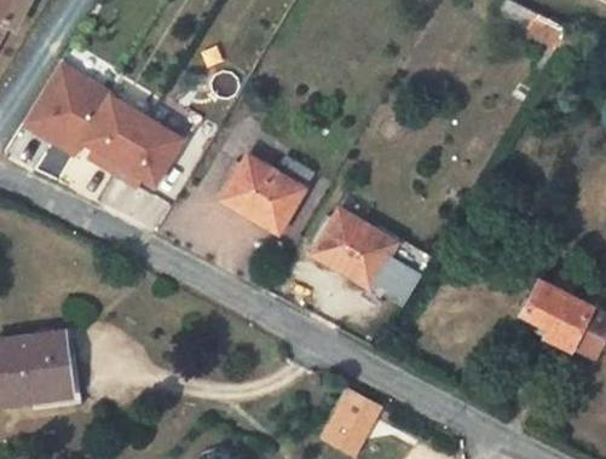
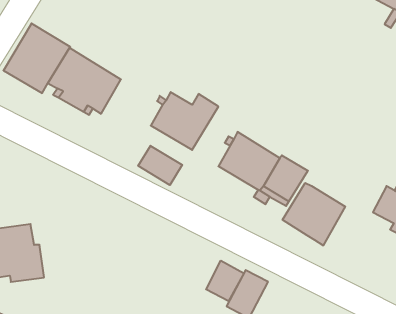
building: none -> [138,146,182,185]
building: none -> [283,183,345,246]
building: none -> [206,261,244,301]

